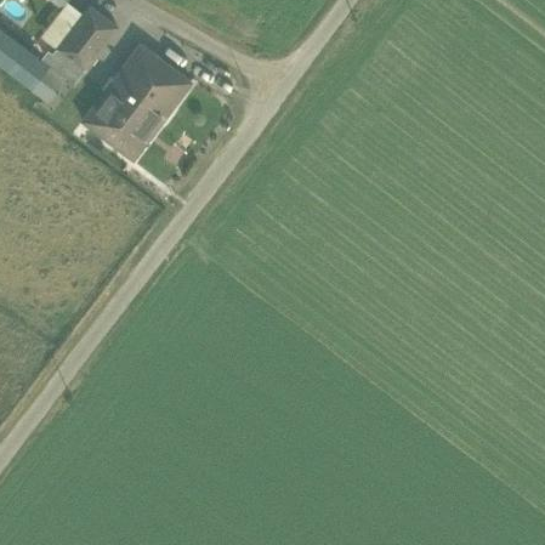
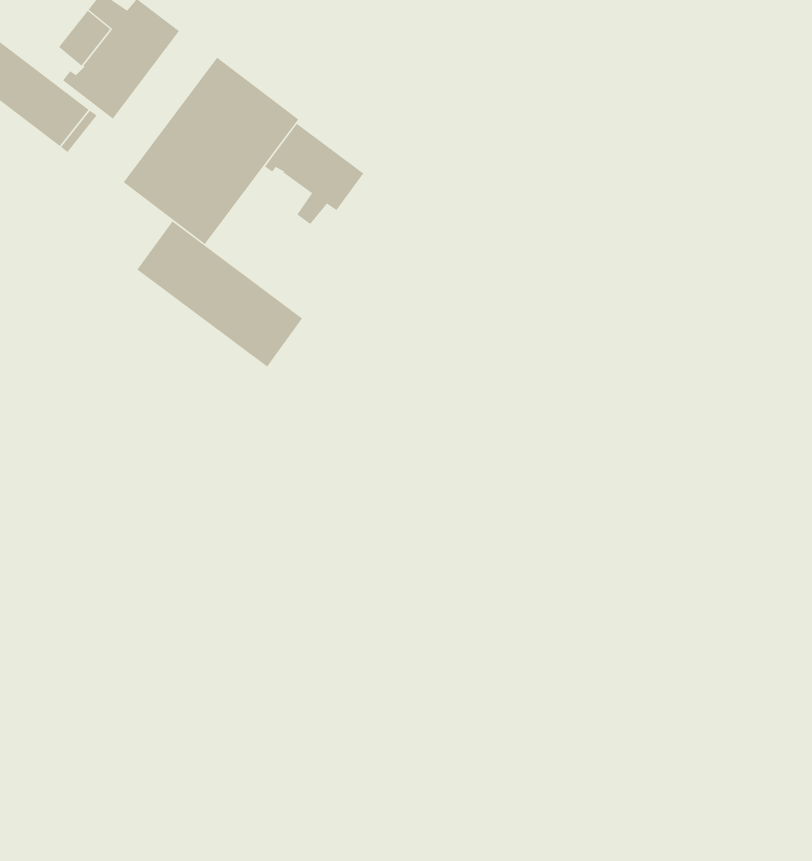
building: none -> [264,123,364,225]
building: none -> [137,220,303,368]

